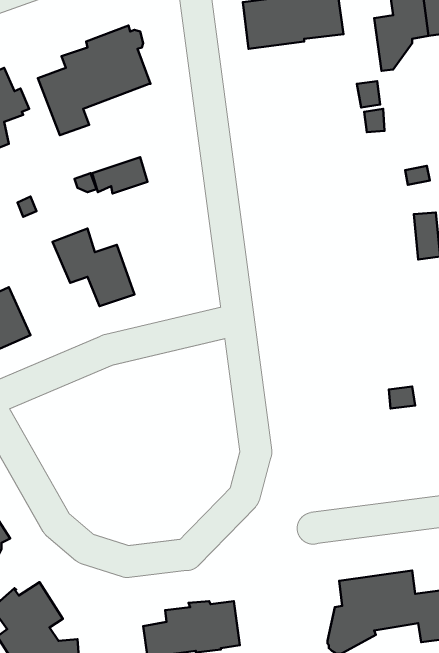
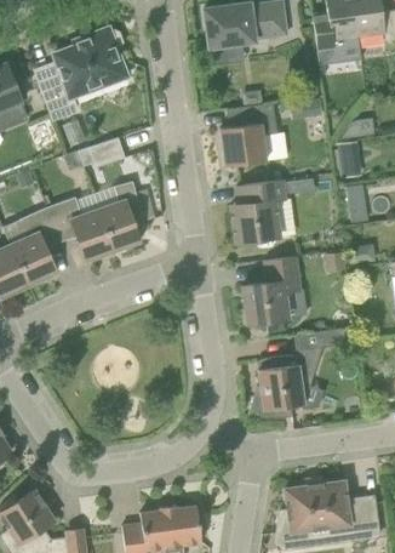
building: none -> [221,103,277,166]
building: none -> [231,179,285,246]
building: none -> [101,181,147,251]
building: none -> [11,207,62,285]
building: none -> [242,256,300,324]
building: none -> [248,347,322,418]

